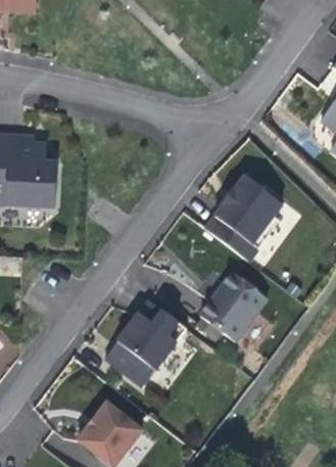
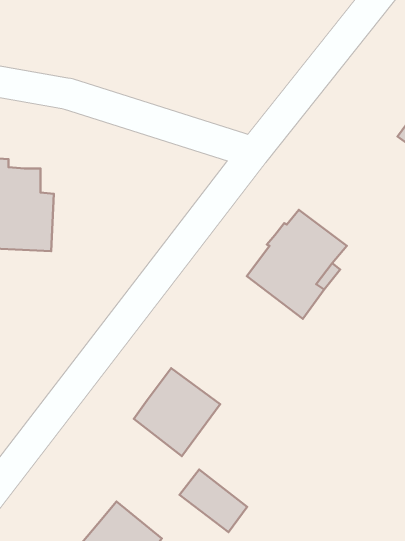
building: [199,271,267,339] -> none
building: [103,337,155,385] -> [179,470,247,532]

